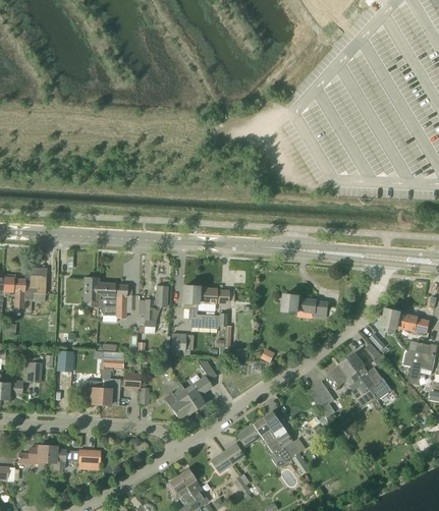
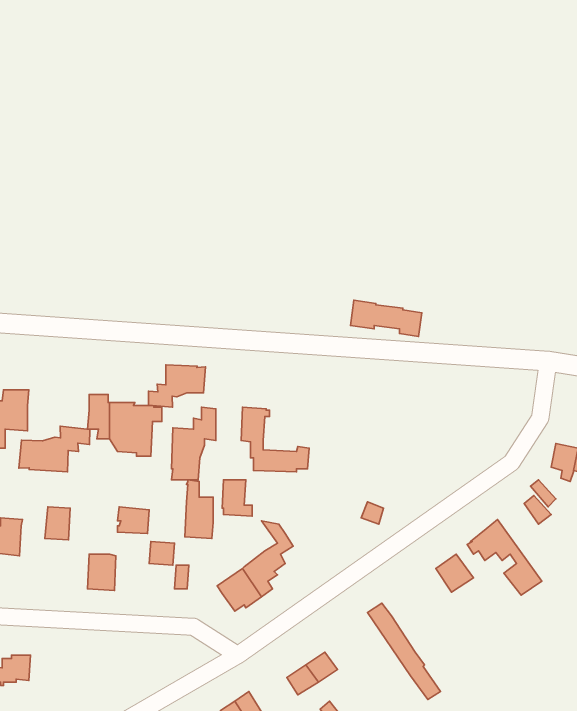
building: none -> [148,365,205,407]
building: [197,288,227,307] -> none
building: [282,294,328,318] -> [351,300,422,337]
building: none -> [19,426,90,472]
building: [347,353,391,400] -> none
building: [101,367,119,405] -> [185,480,213,538]
building: [238,418,291,463] -> none
building: [46,446,100,468] -> none

